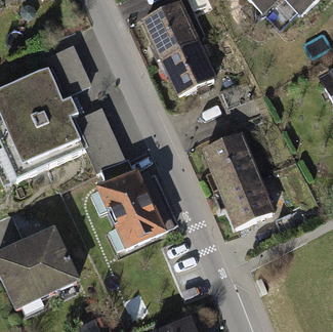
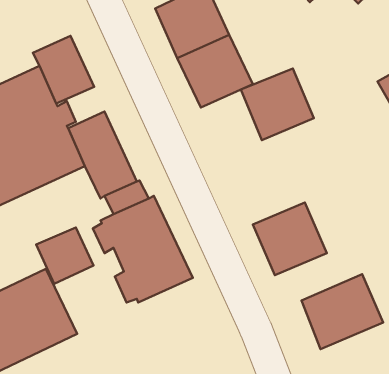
building: [201,134,258,191] -> [241,69,314,140]
building: none -> [36,227,94,284]
building: none -> [301,274,383,349]

